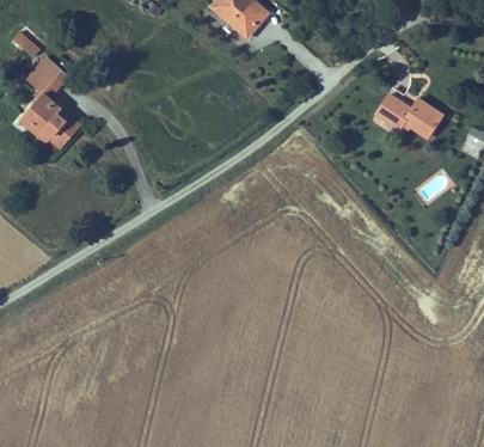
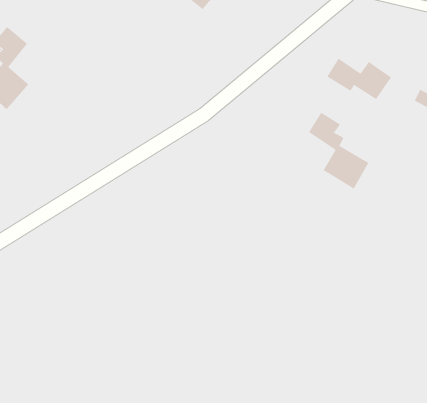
building: none -> [308,112,369,189]

